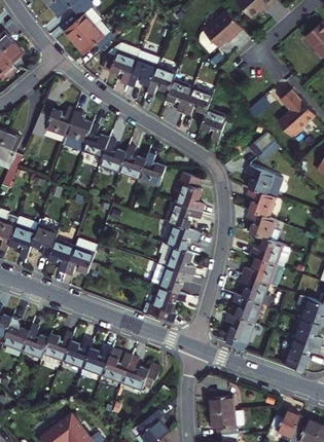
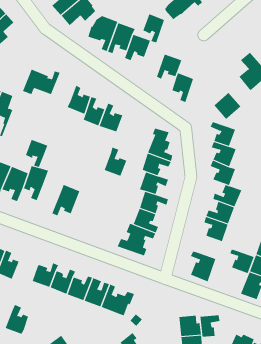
building: [168,81,193,115] -> [142,14,165,43]
building: [64,110,92,144] -> none
building: [139,152,166,186] -> [104,147,127,176]
building: [47,240,74,272] -> [25,139,48,168]
building: [231,296,260,325] -> [229,249,254,274]
building: [19,321,46,356] -> [5,304,29,334]
building: none -> [200,314,220,338]

